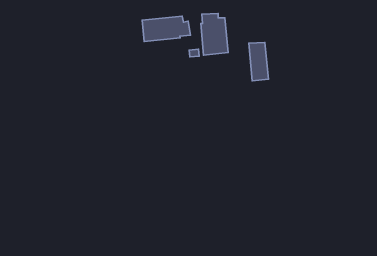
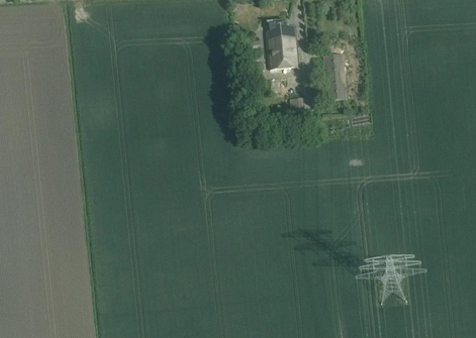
building: [142,16,190,42] -> none

